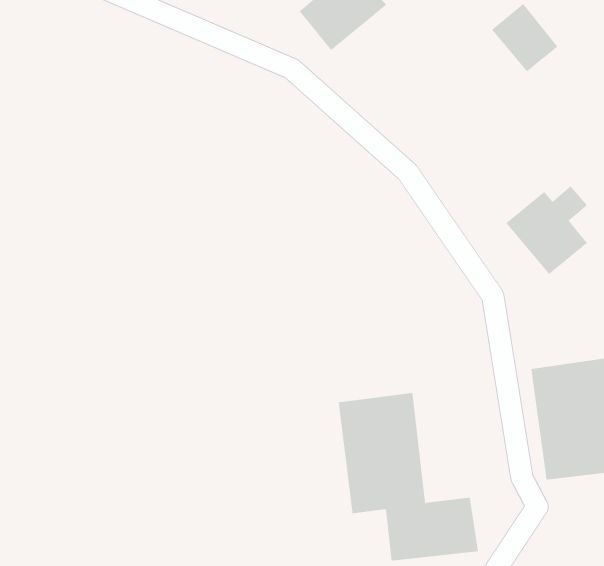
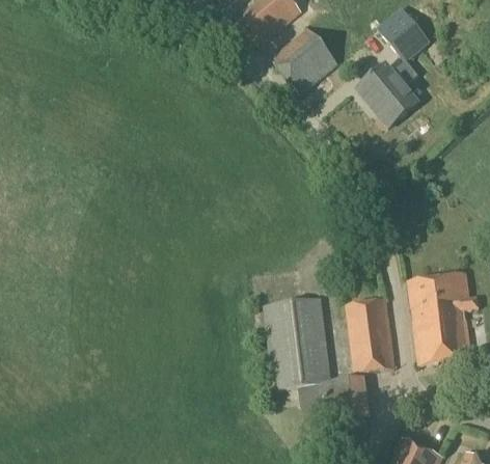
building: none -> [271,26,338,93]
building: [505,186,588,275] -> [357,59,418,126]
building: none -> [347,299,396,372]

